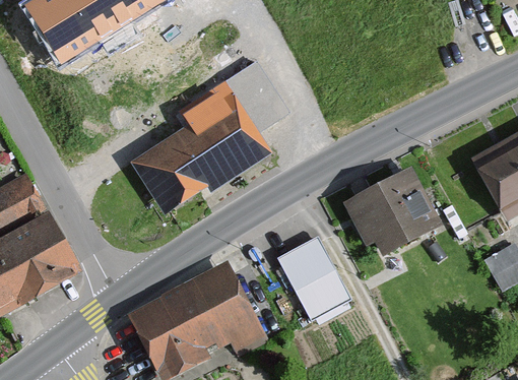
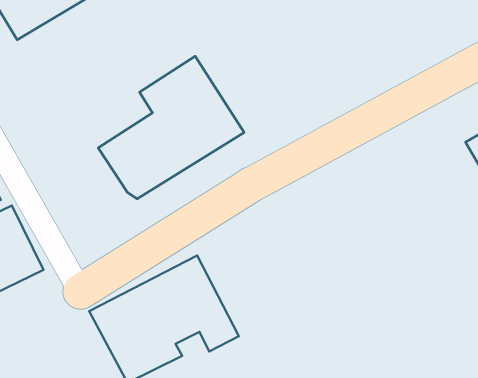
building: [345,165,445,255] -> none
building: [275,233,350,319] -> none

